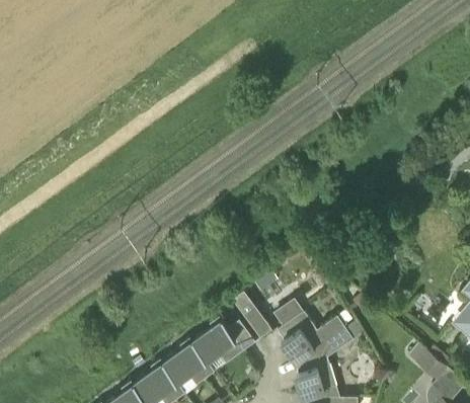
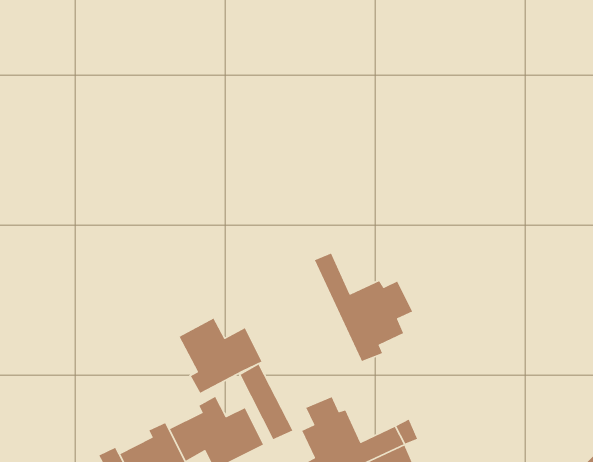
building: none -> [314,252,413,364]
building: none -> [178,318,262,394]

